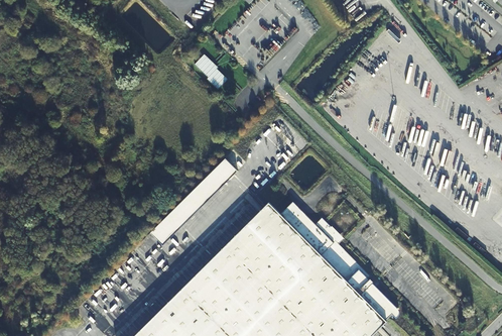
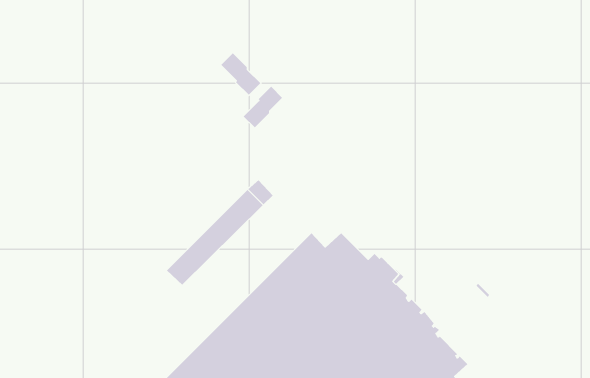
building: none -> [243,86,283,128]

